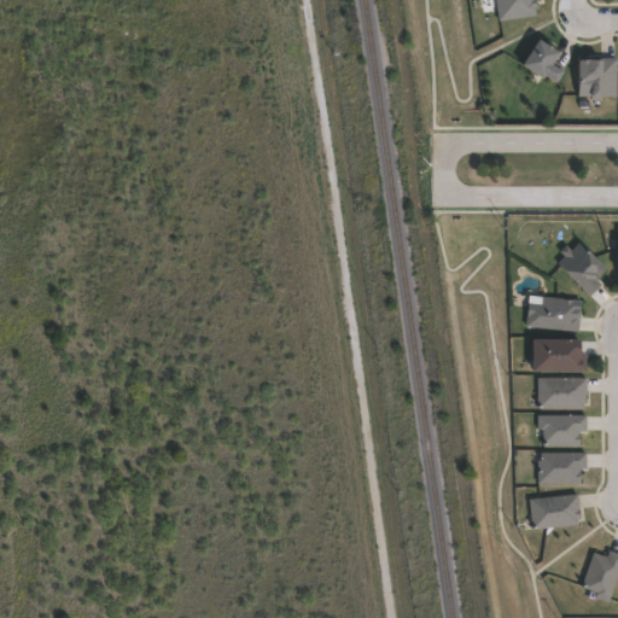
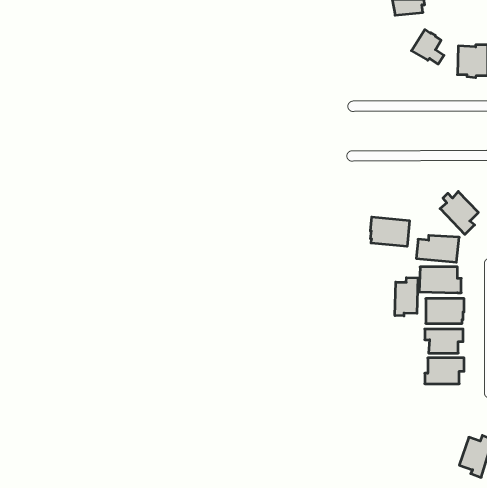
building: none -> [370,217,409,246]
building: none -> [395,278,418,316]
building: [531,494,582,530] -> none

